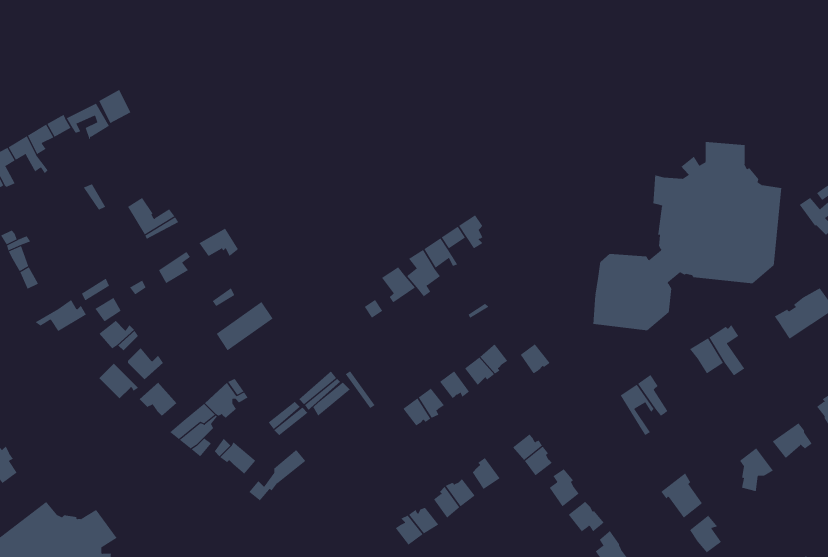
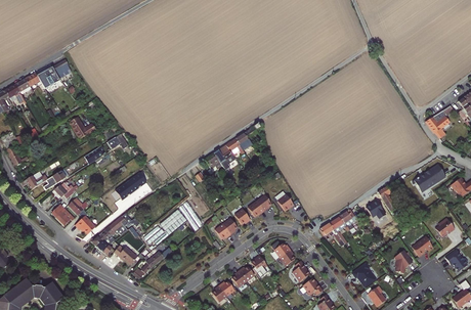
building: [593,141,782,331] -> none

